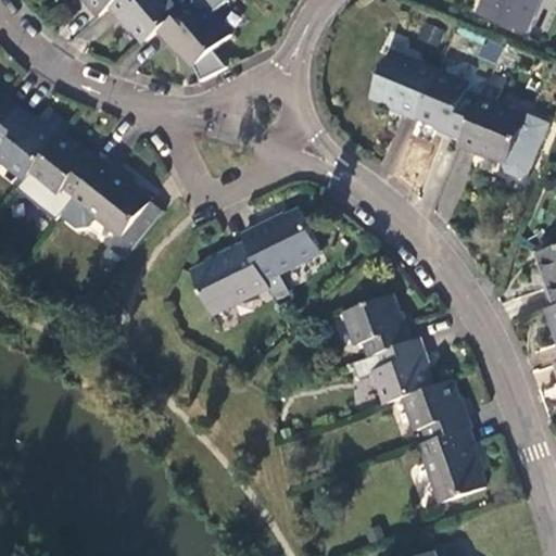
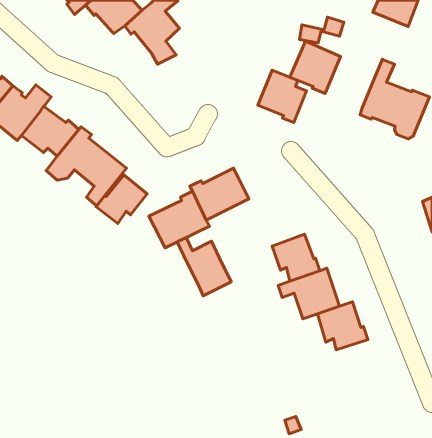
building: [414,72,476,138] -> [258,70,307,122]
building: [15,172,73,212] -> none
building: none -> [96,175,147,223]
building: none -> [177,238,231,296]
building: [419,431,481,505] -> none

